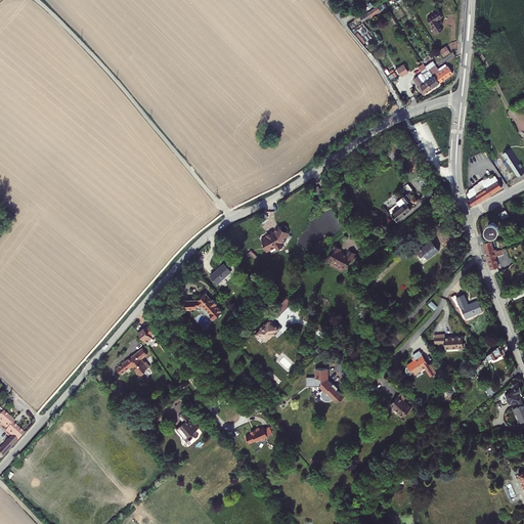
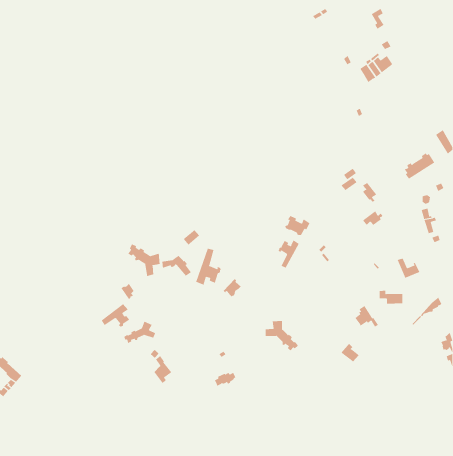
building: [259,227,288,253] -> none
building: none -> [278,240,299,269]
building: none -> [127,243,160,277]
building: none -> [196,248,221,286]
building: none -> [123,321,156,344]

